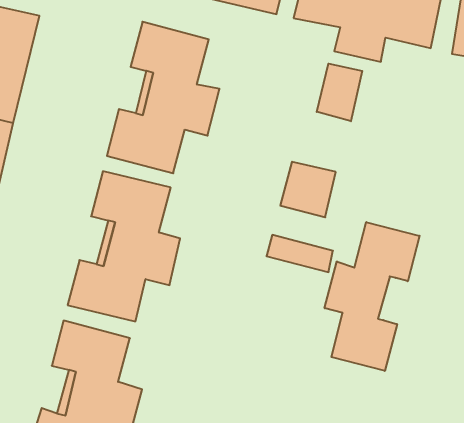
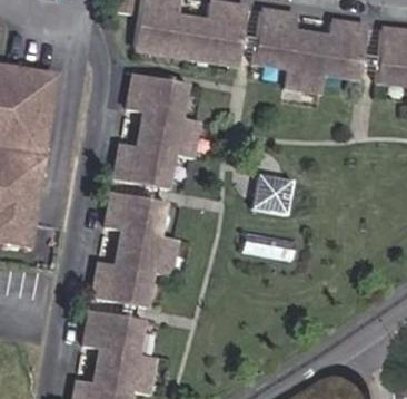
building: [317,64,362,121] -> none
building: [325,222,420,371] -> none

